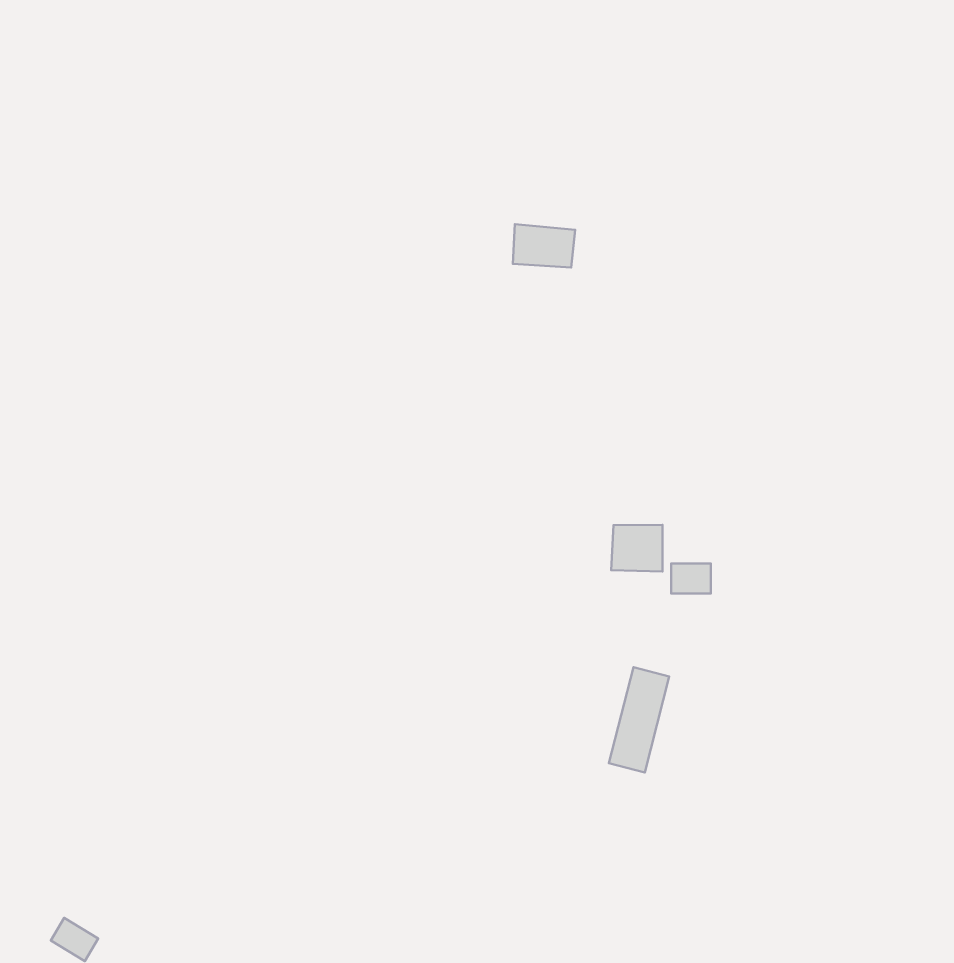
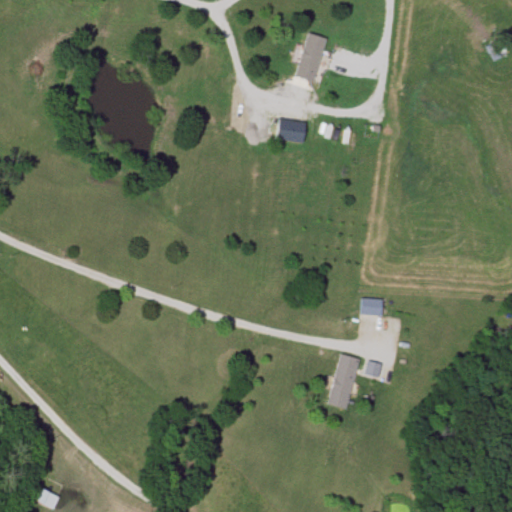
building: none -> [295,33,328,83]
building: [611,525,662,571] -> none

